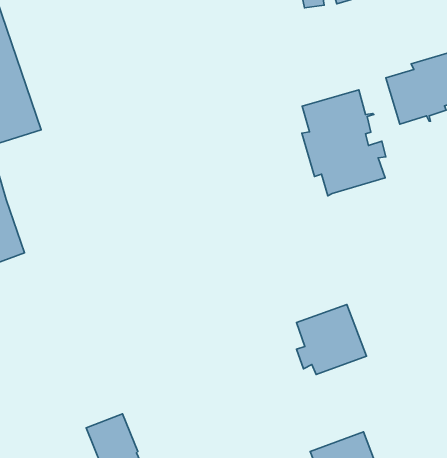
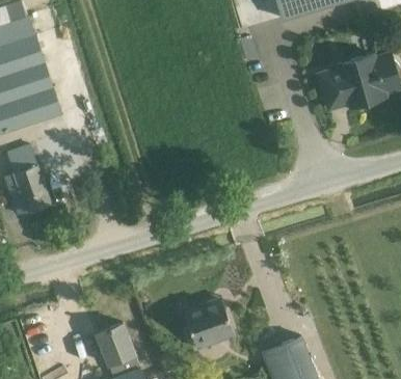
building: [302,90,386,196] -> none
building: [297,304,367,374] -> [183,297,235,349]

